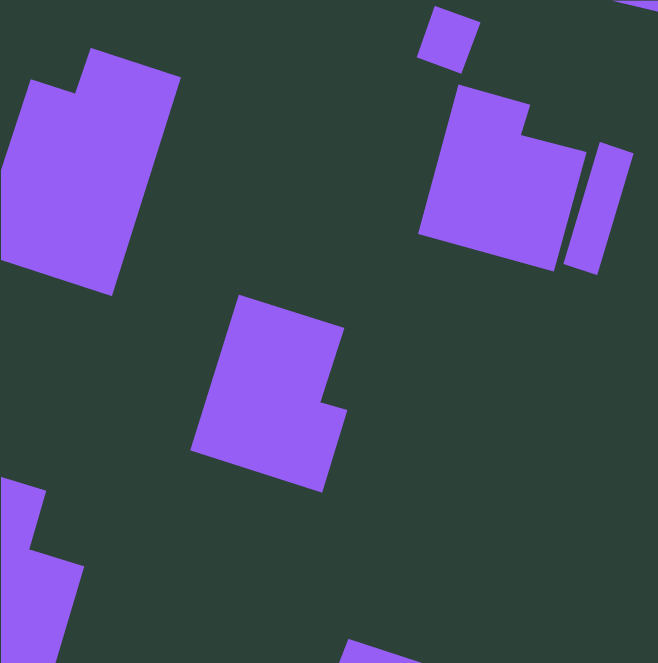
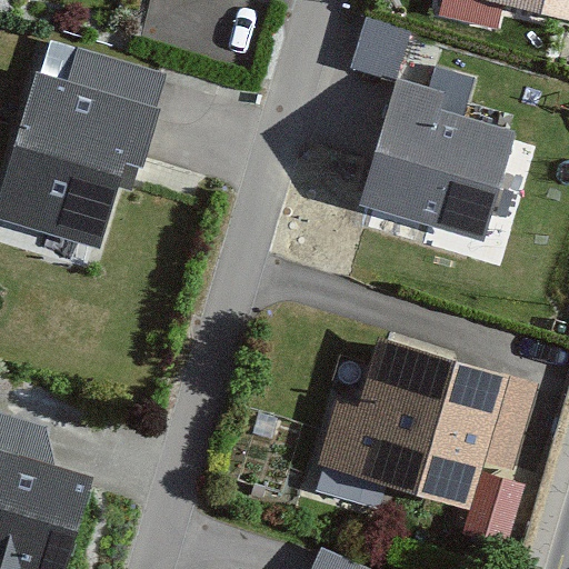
building: [189,294,348,494] -> none
building: none -> [307,341,531,519]

